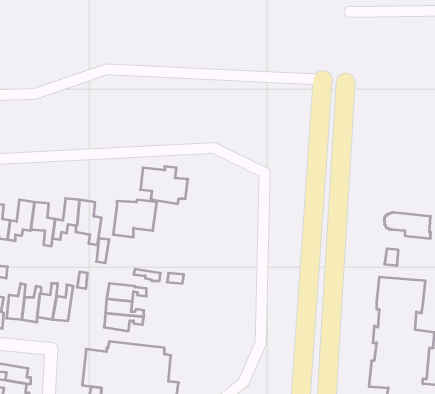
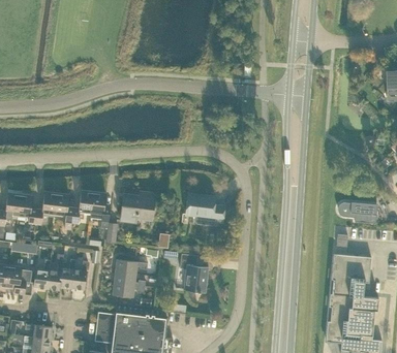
building: [140,166,188,204] -> [186,196,224,226]
building: none -> [180,254,208,291]

